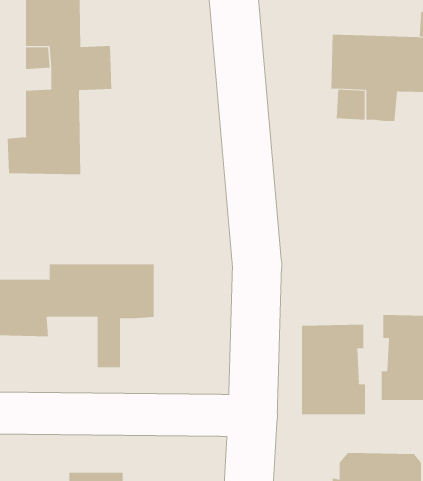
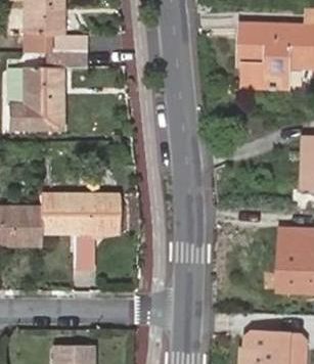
building: [302,324,365,415] -> none

